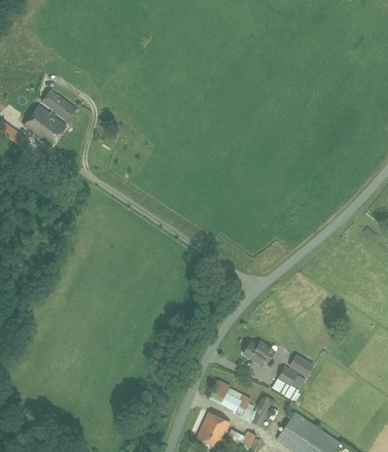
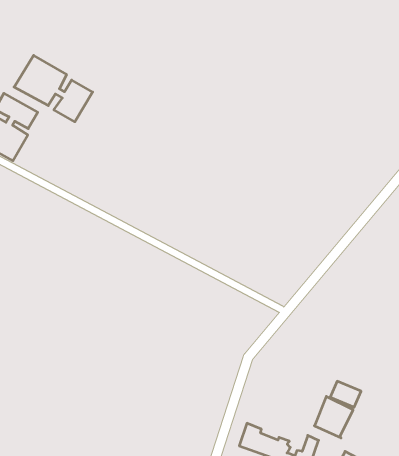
building: none -> [14,55,93,122]
building: [243,341,273,364] -> none

